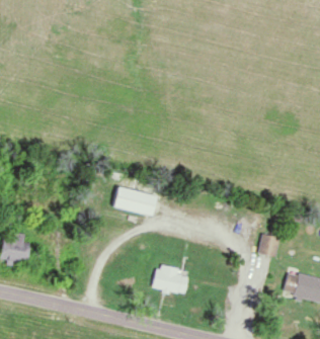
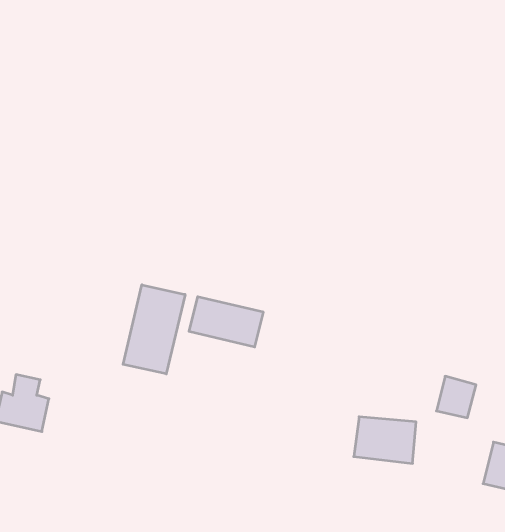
building: none -> [123,285,185,374]
building: [153,266,189,293] -> [354,417,416,463]

